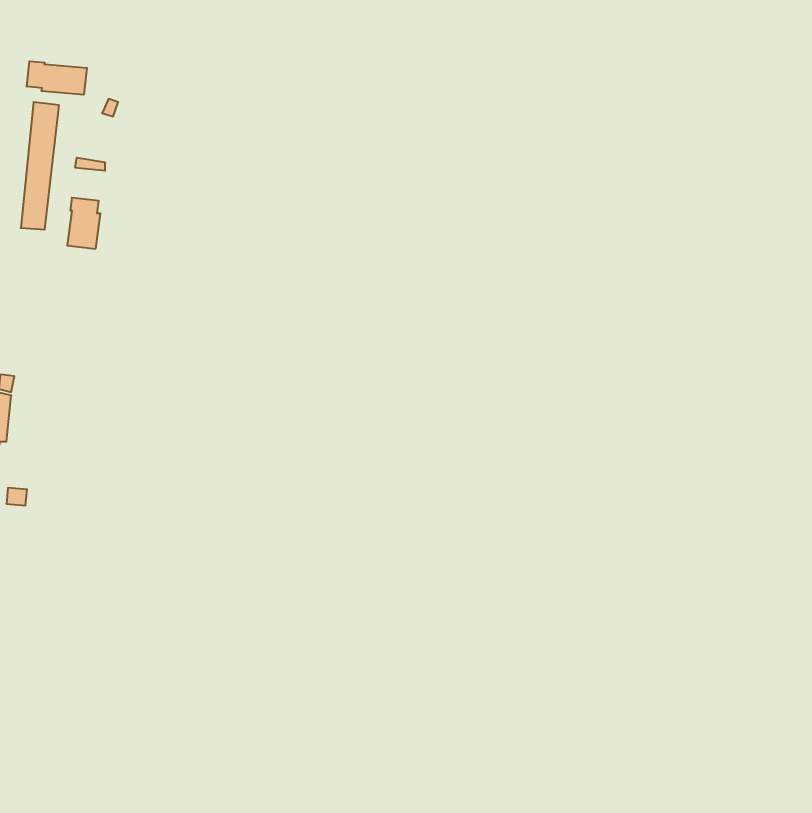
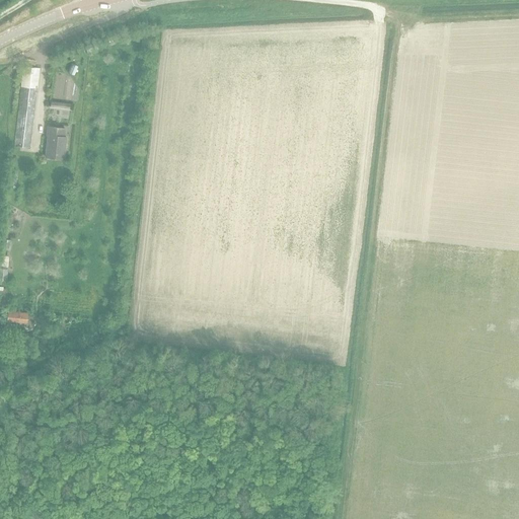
building: [27,61,87,95] -> none

